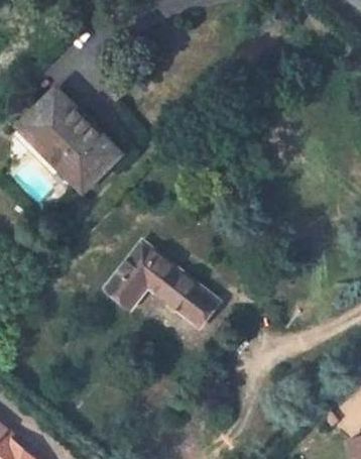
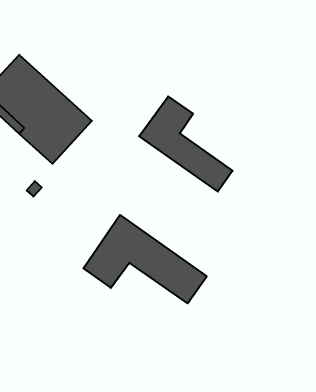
building: none -> [139,96,233,192]

